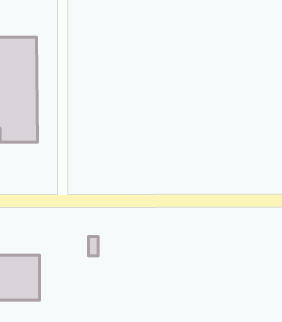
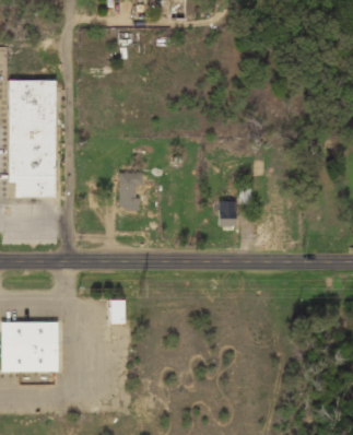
building: none -> [119,174,142,211]
building: none -> [219,201,236,226]

